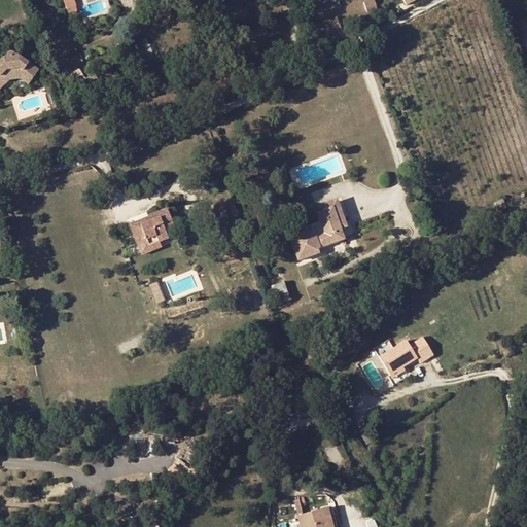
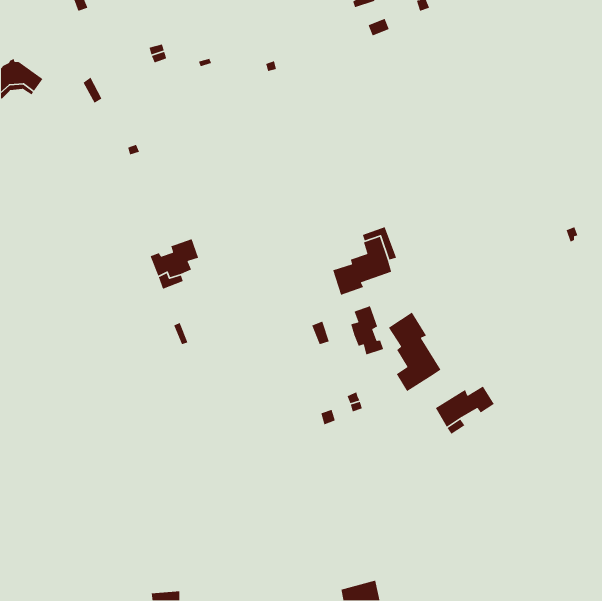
building: none -> [350,305,384,355]
building: none -> [388,312,441,392]

